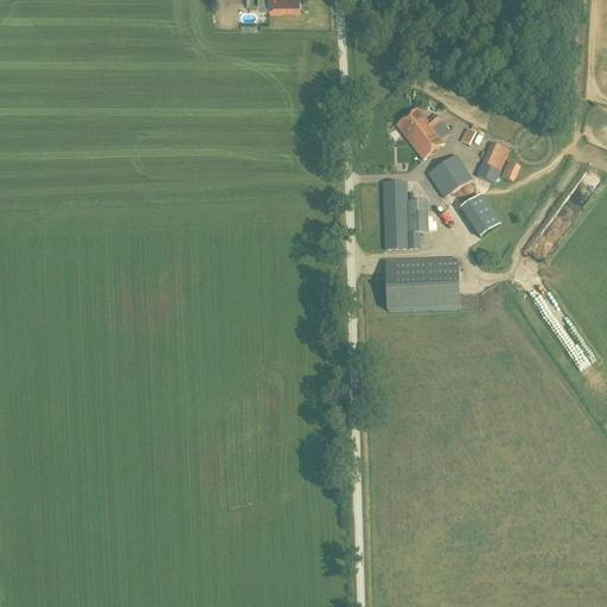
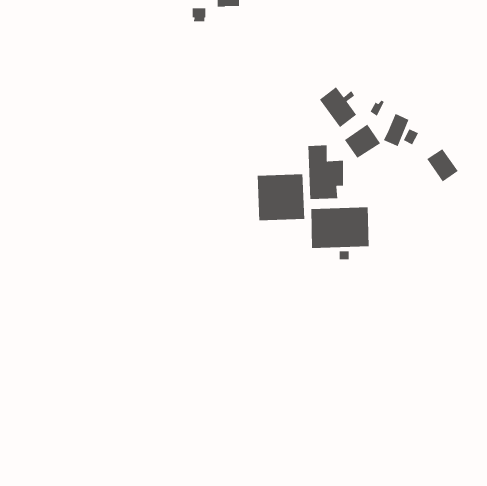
building: [459,194,499,237] -> [426,148,459,183]
building: none -> [257,174,305,221]

